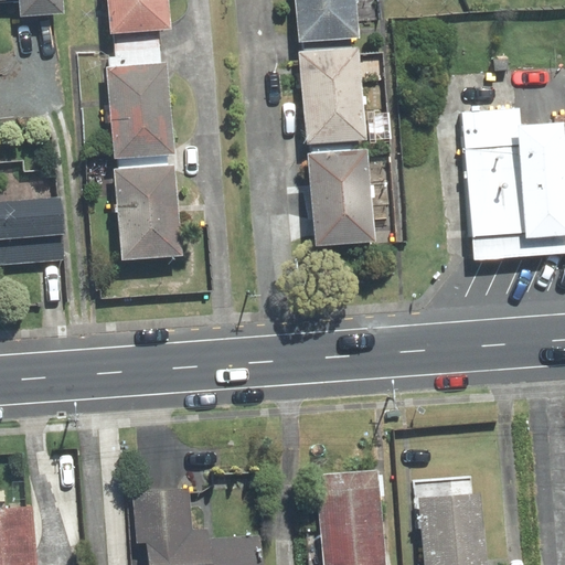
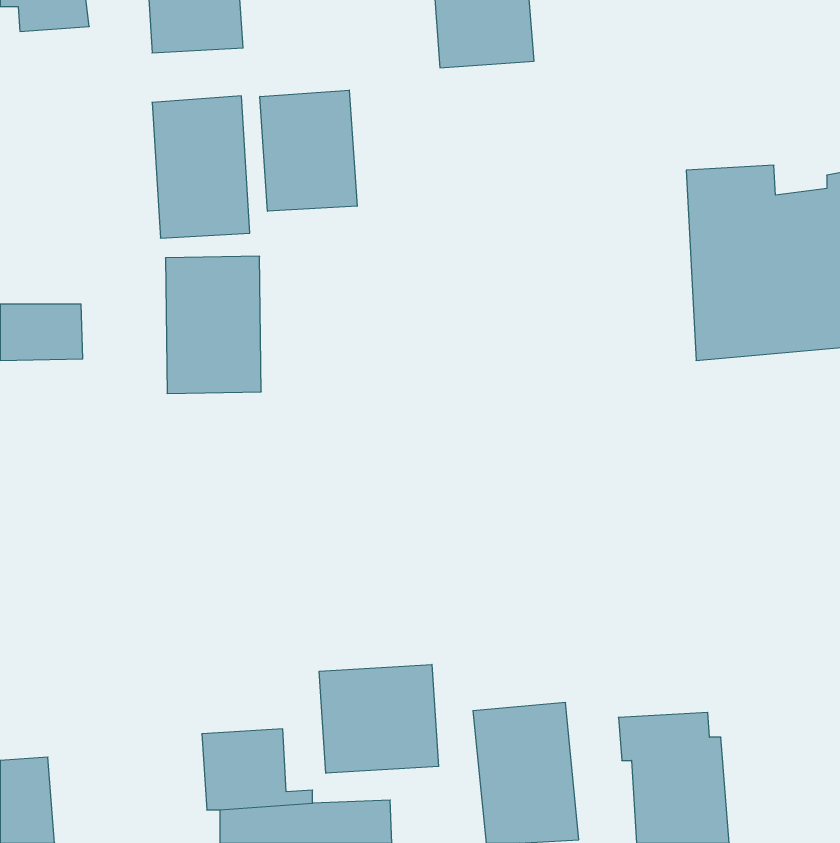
building: [297,47,373,249] -> none
building: none -> [260,90,357,211]
building: none -> [319,664,439,773]

